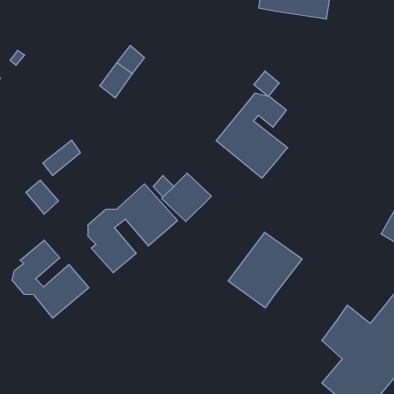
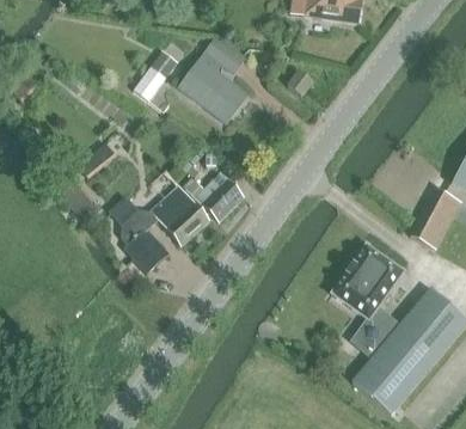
building: [216,93,288,178] -> [178,44,249,128]
building: [228,232,302,308] -> [332,241,405,315]
building: [12,240,89,318] -> none

